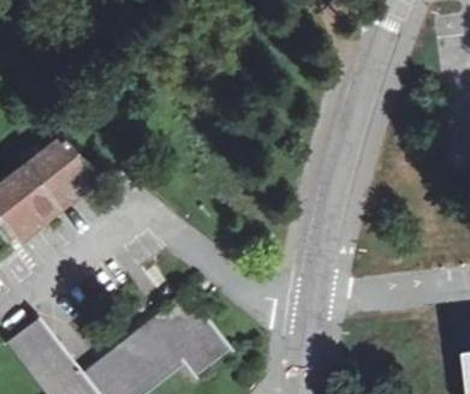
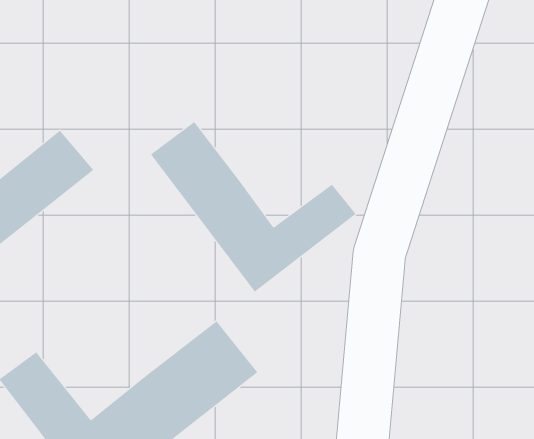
building: none -> [150,121,356,293]

